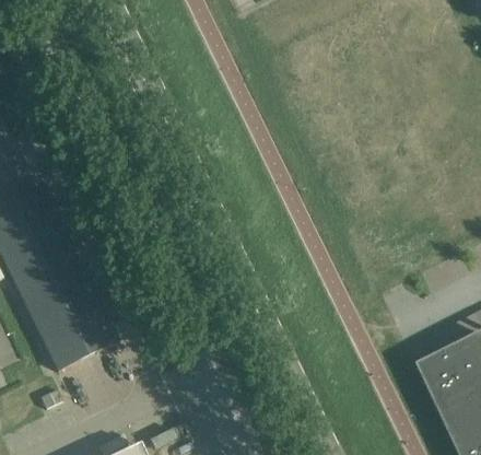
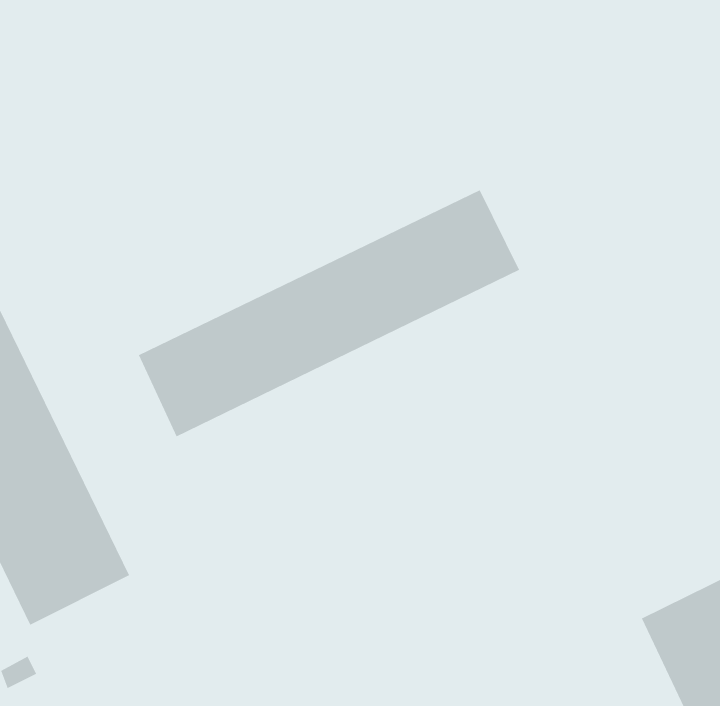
building: none -> [138,189,520,437]

